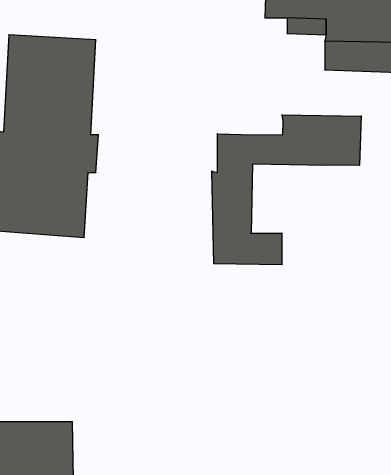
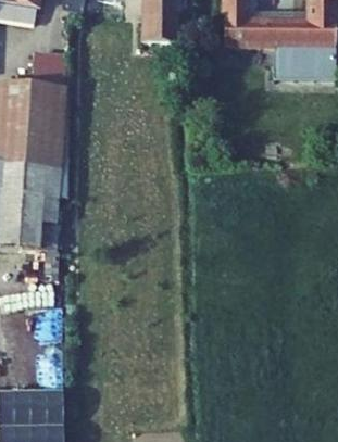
building: [212,115,361,265] -> none

